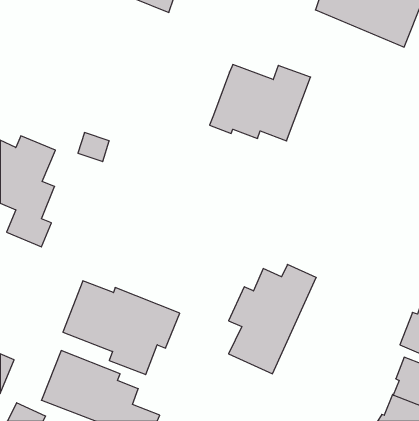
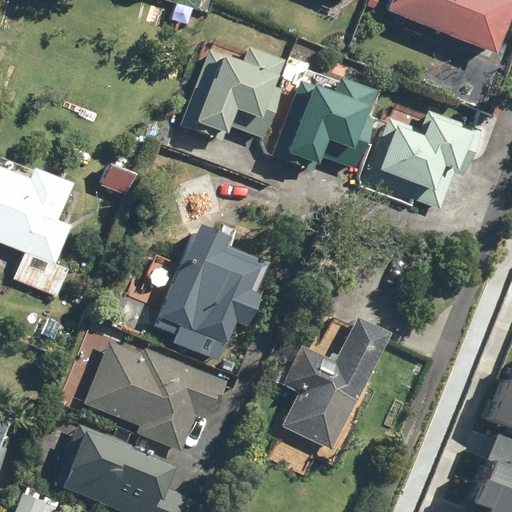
building: none -> [180,38,286,139]
building: none -> [368,110,480,210]
building: none -> [159,226,267,366]

